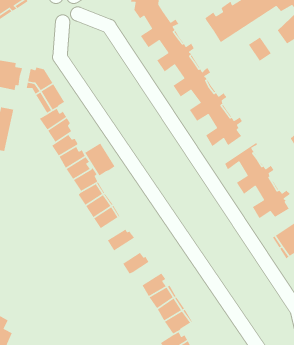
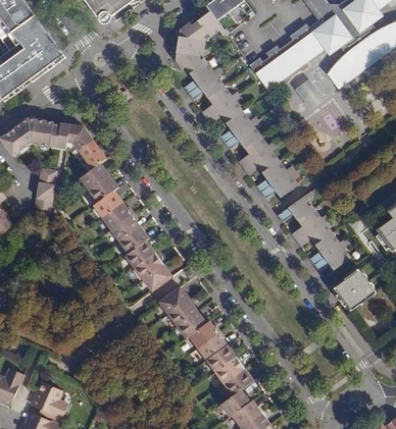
building: [84,142,115,176] -> none
building: none -> [167,298,195,325]
building: none -> [189,321,218,346]

